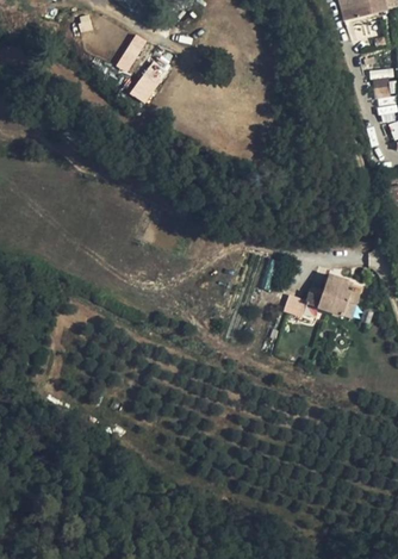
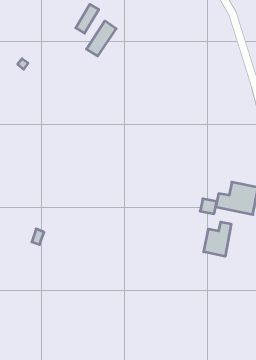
building: none -> [204,222,231,256]

